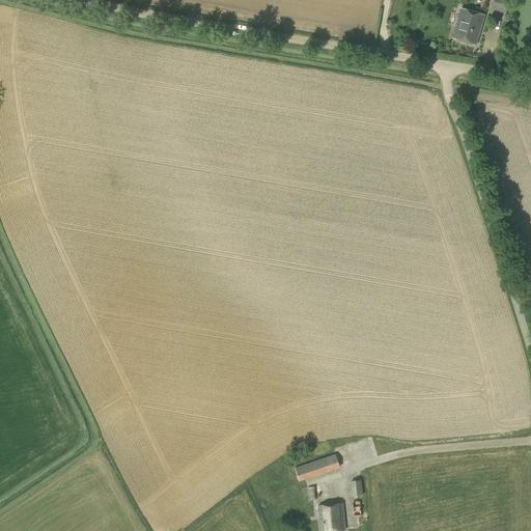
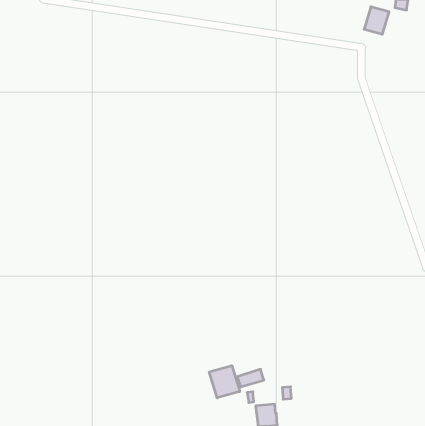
building: none -> [209,366,240,398]

